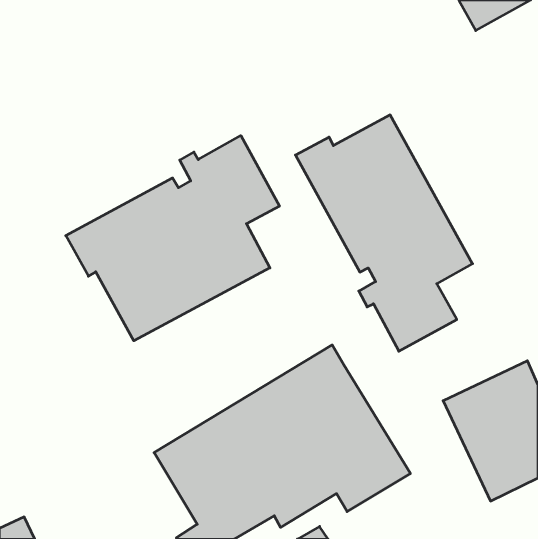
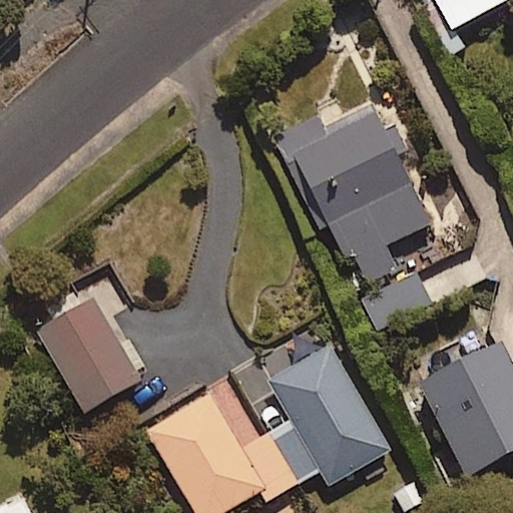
building: [66,136,279,341] -> none
building: none -> [35,295,145,413]

